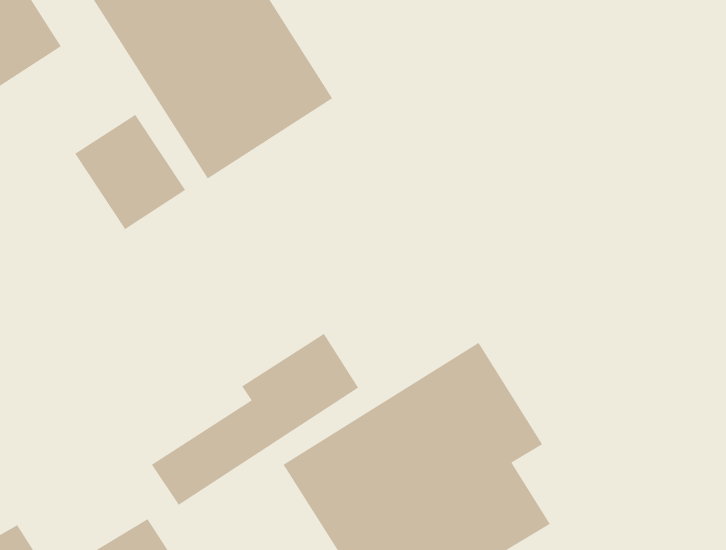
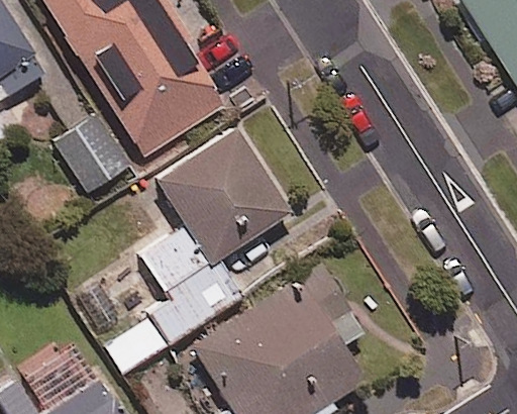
building: none -> [137,127,292,294]

